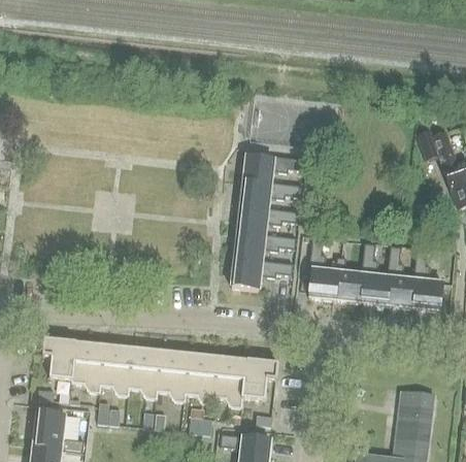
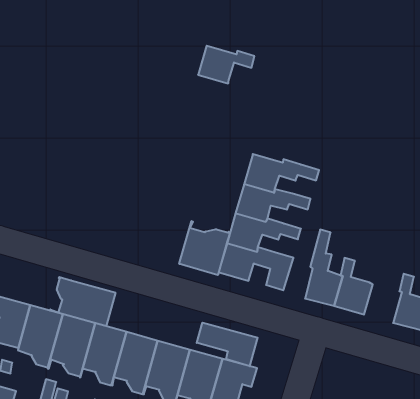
building: [243,155,289,184] -> [198,46,254,83]
building: [361,240,390,304] -> none
building: none -> [179,221,230,275]
building: none -> [50,277,115,326]
building: none -> [197,323,258,366]

